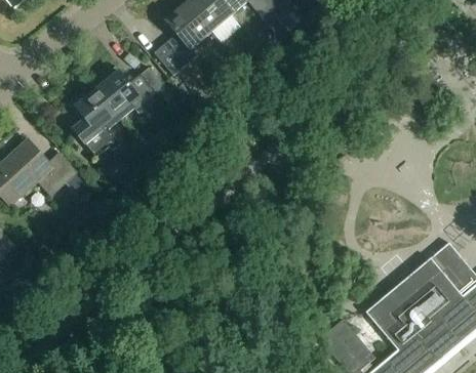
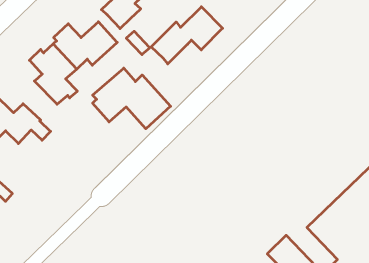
building: none -> [151,7,223,64]
building: none -> [93,68,171,129]

